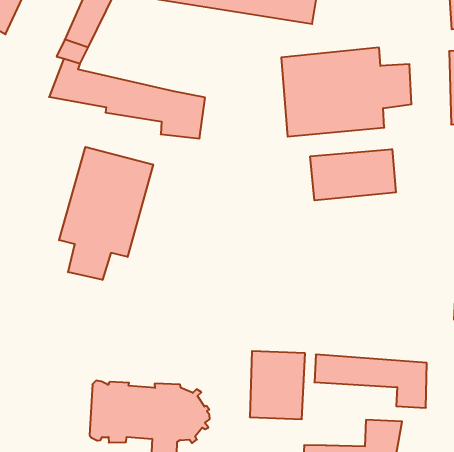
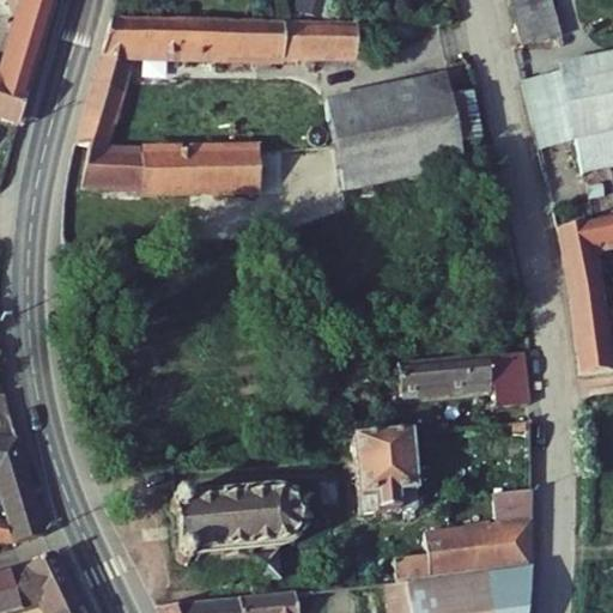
building: [59,147,153,280] -> none
building: [310,149,396,200] -> none
building: [314,355,427,408] -> [401,348,534,402]

